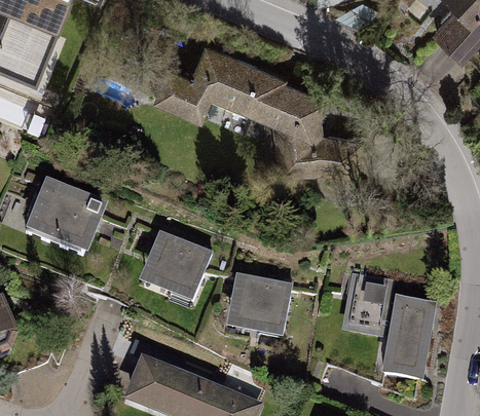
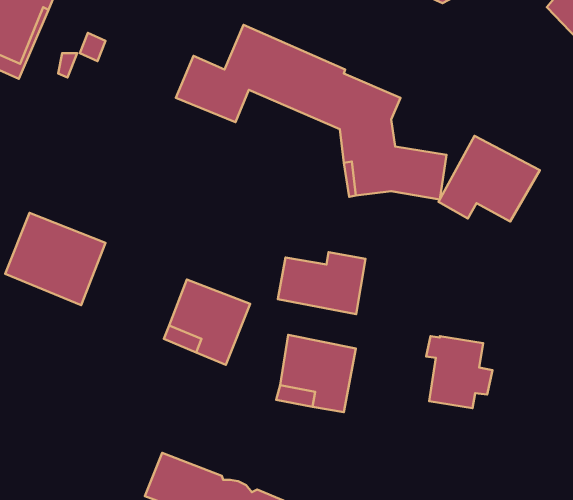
building: none -> [438,136,540,222]
building: none -> [278,252,366,314]
building: [383,304,431,379] -> none

